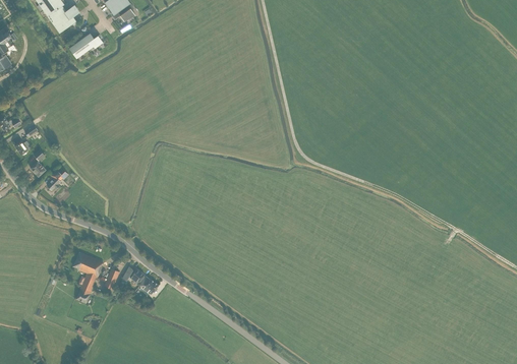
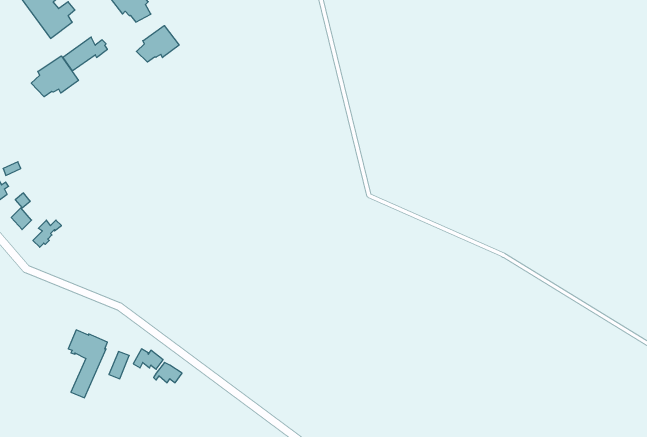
building: none -> [136,26,179,62]
building: none -> [31,56,78,97]

